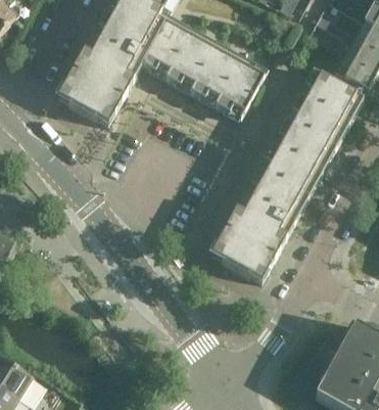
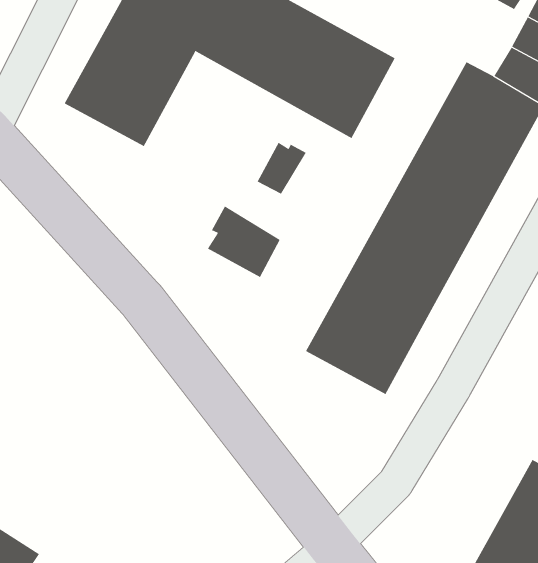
building: none -> [257,142,306,194]
building: none -> [207,205,280,278]

